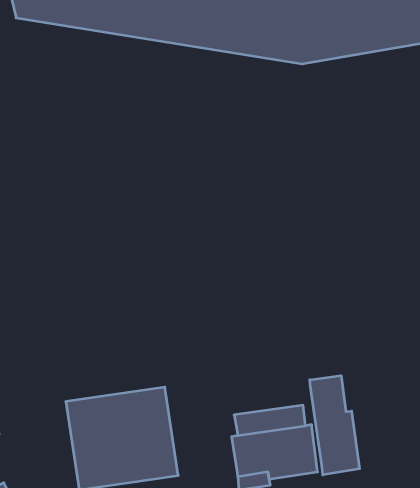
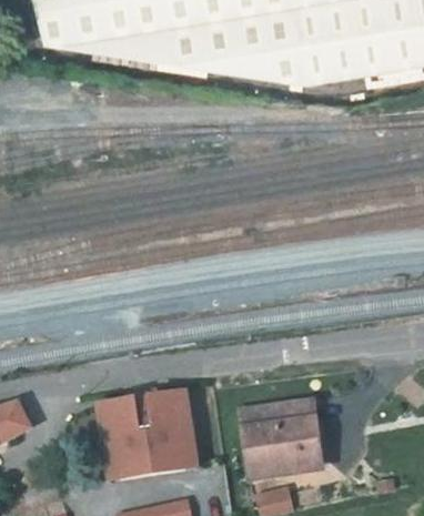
building: [310,376,360,475] -> none

